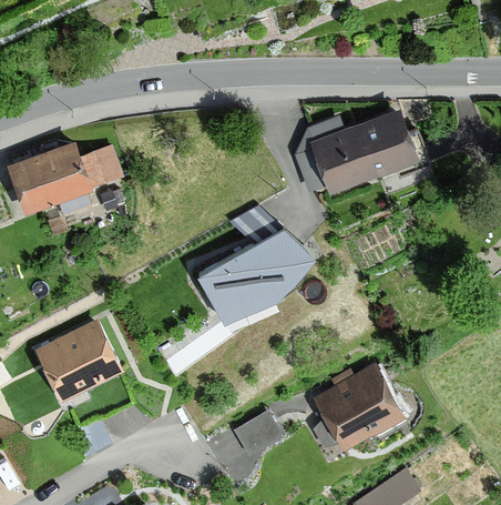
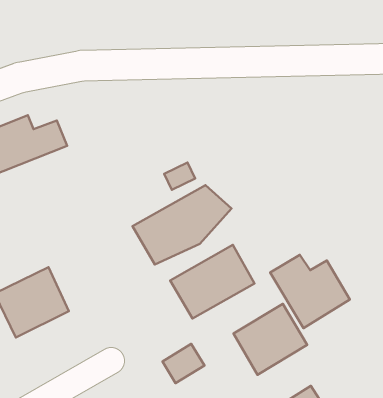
building: [311,111,419,194] -> none
building: none -> [170,245,255,318]
building: none -> [270,255,350,328]

